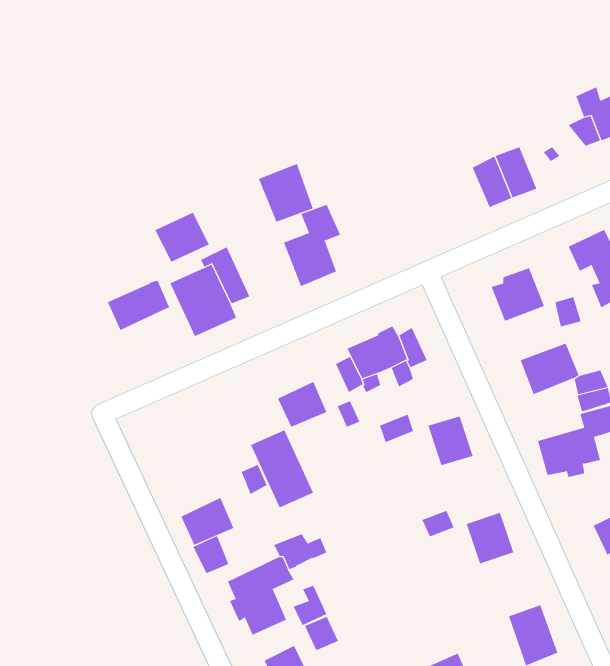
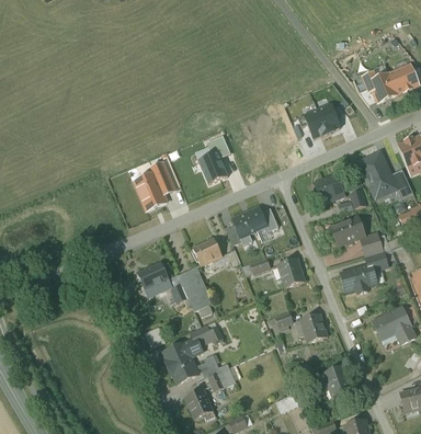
building: [258,163,314,223] -> none
building: [154,212,210,263] -> none
building: [107,280,170,331] -> none
building: [180,497,234,545] -> [138,262,169,289]

